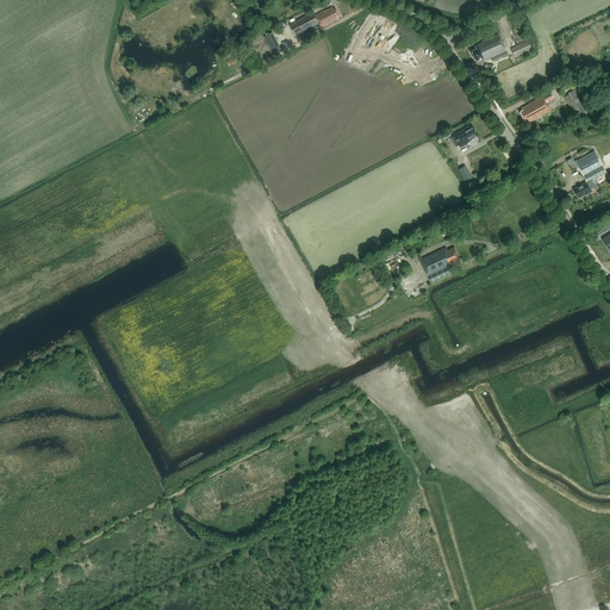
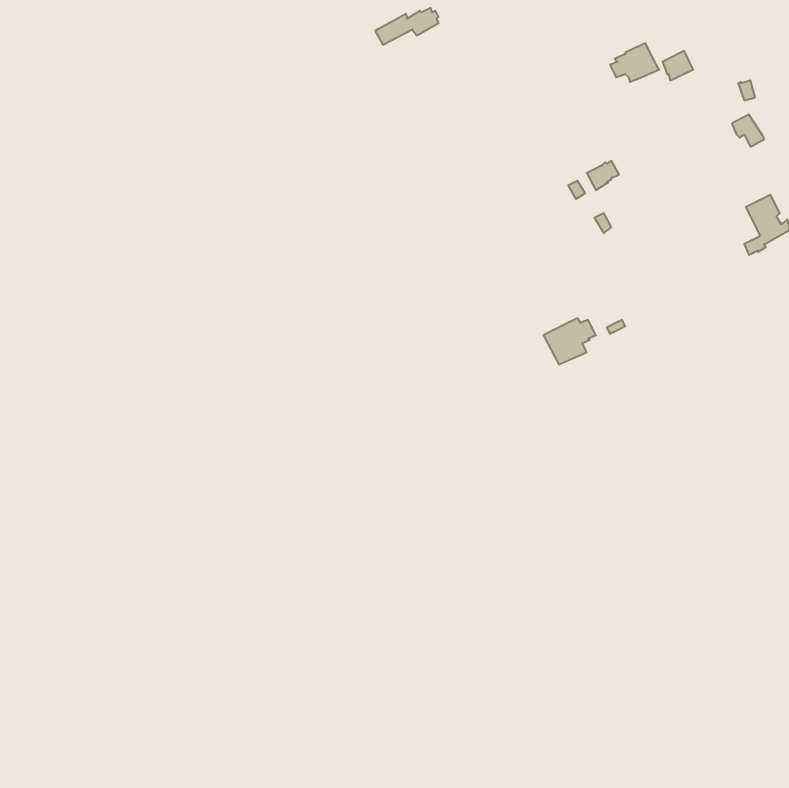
building: [519,91,554,122] -> none

